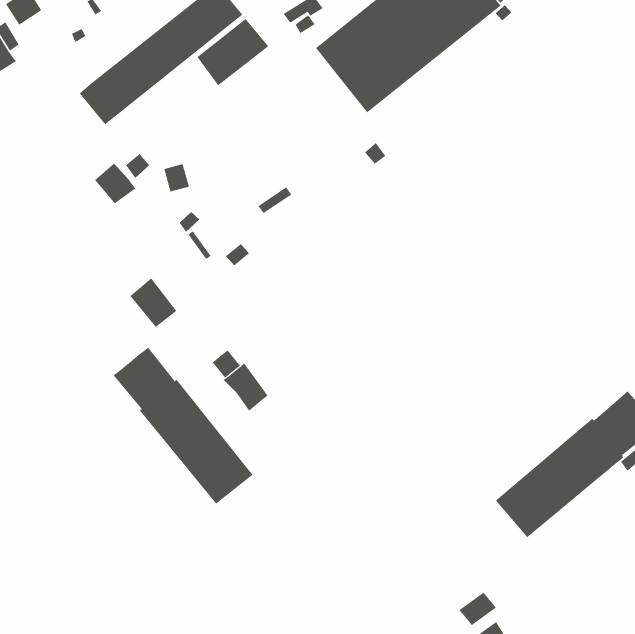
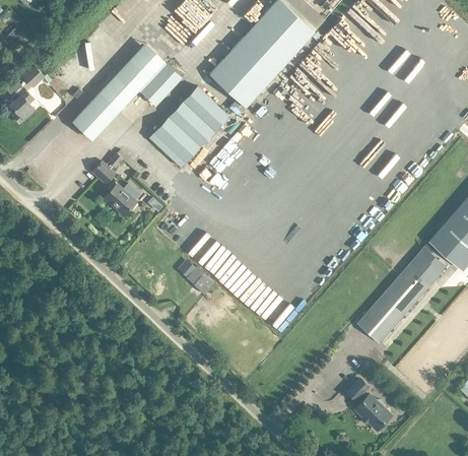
building: none -> [148,85,229,168]
building: [129,277,177,328] -> [106,185,135,214]
building: [113,347,253,505] -> none

